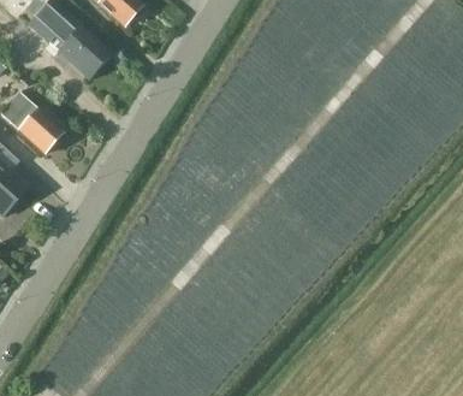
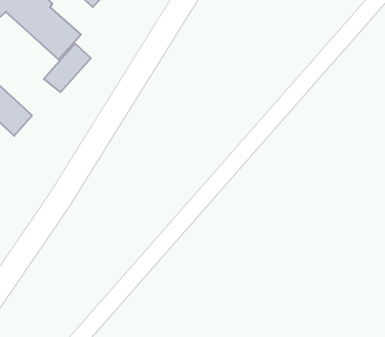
building: none -> [44,44,91,92]

